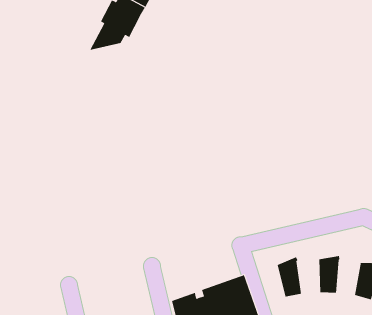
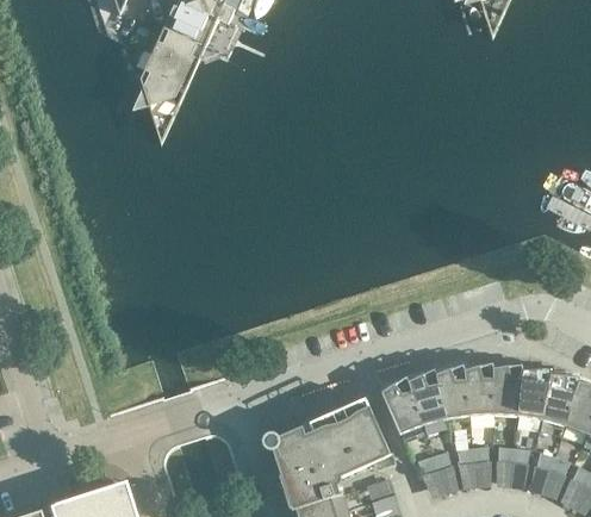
building: none -> [436,365,469,419]
building: none -> [493,365,523,416]
building: none -> [380,376,423,435]

